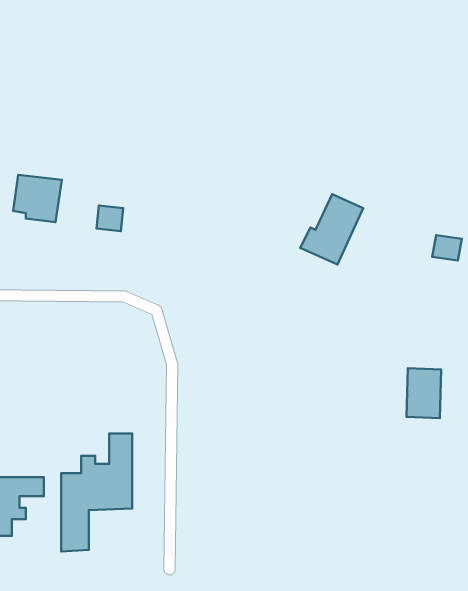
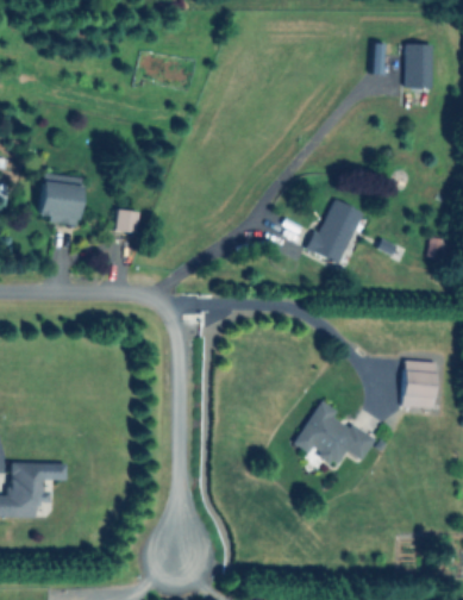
building: none -> [406,43,434,88]
building: none -> [295,400,376,465]
building: [61,433,132,552] -> none

